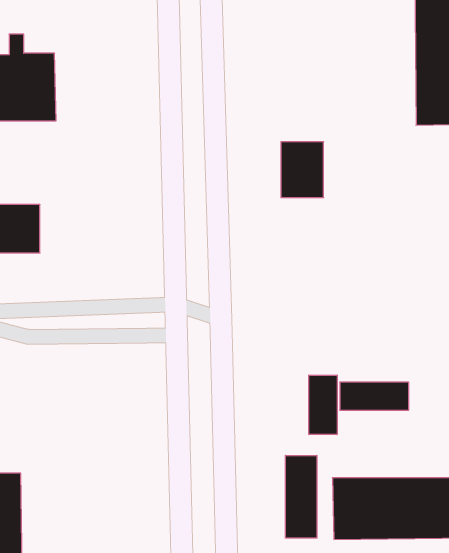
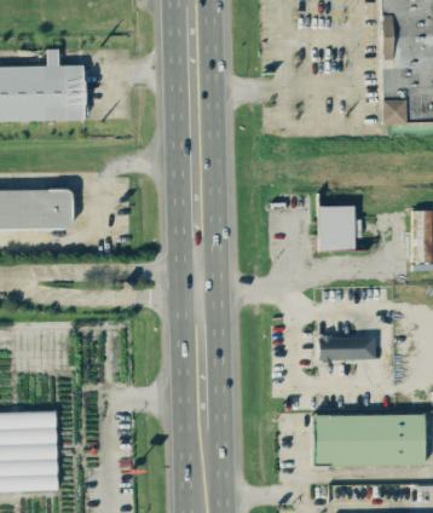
building: [281,142,324,198] -> [318,207,353,253]
building: [309,375,337,435] -> none
building: [285,455,317,538] -> none

